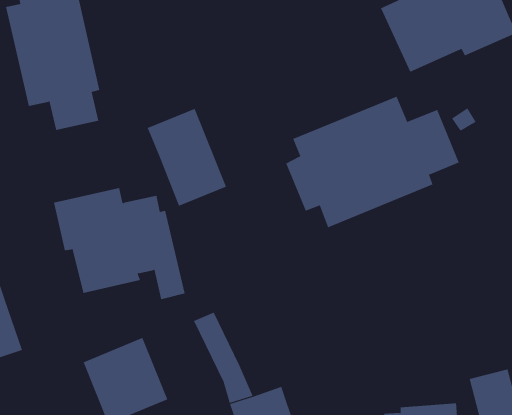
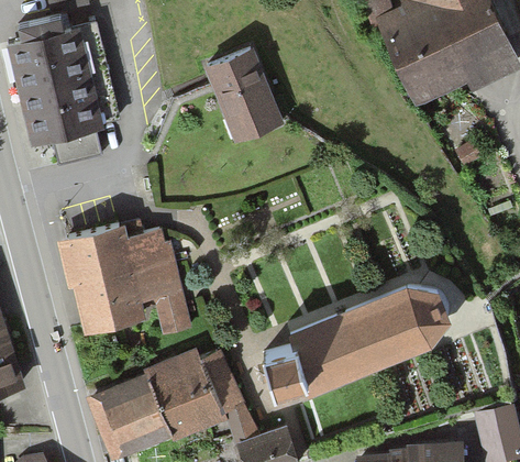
building: [285,96,460,228] -> none
building: [147,108,227,207] -> [204,45,285,144]
building: none -> [256,282,449,399]
building: none -> [145,349,228,441]

